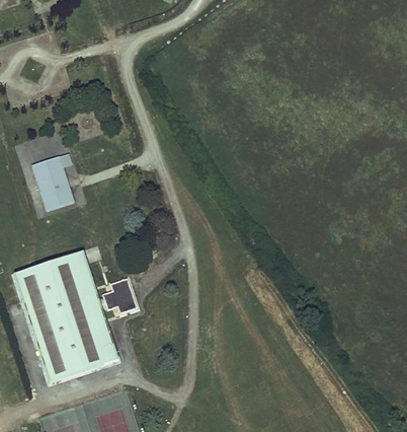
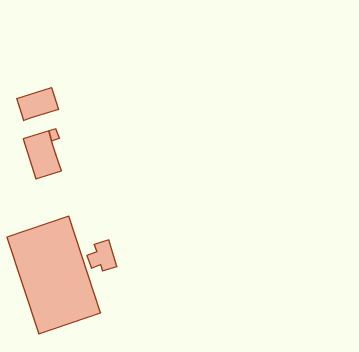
building: none -> [17,88,58,121]

